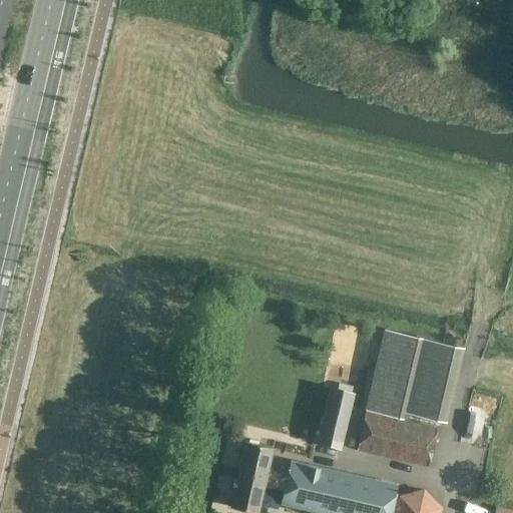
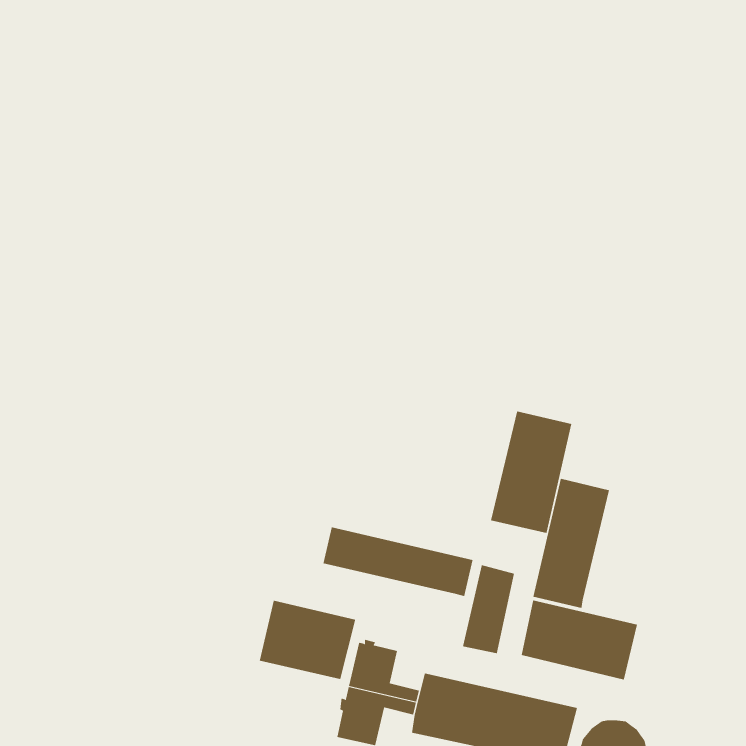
building: [401,337,457,421] -> [490,411,572,534]
building: none -> [323,527,473,597]
building: none -> [259,600,356,680]

